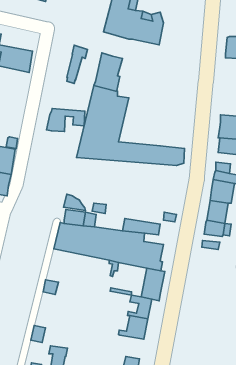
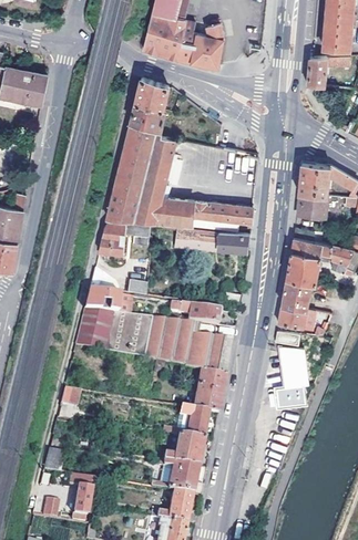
building: [67,45,87,84] -> none
building: [46,109,85,132] -> [99,221,151,252]
building: none -> [175,227,250,250]
building: none -> [277,344,306,405]
building: none -> [151,460,204,495]

